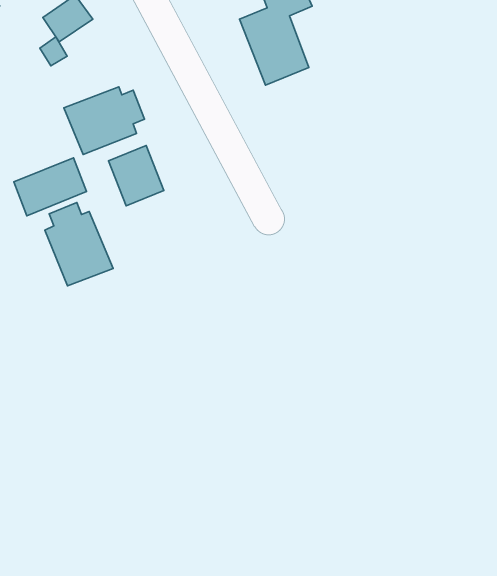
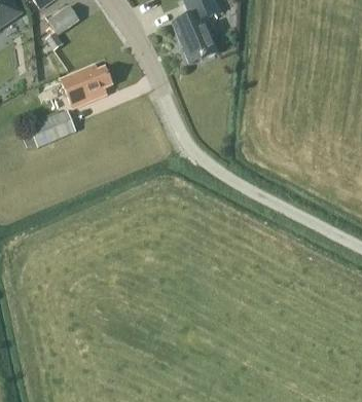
building: [109,145,164,206] -> none
building: [45,202,113,286] -> none

